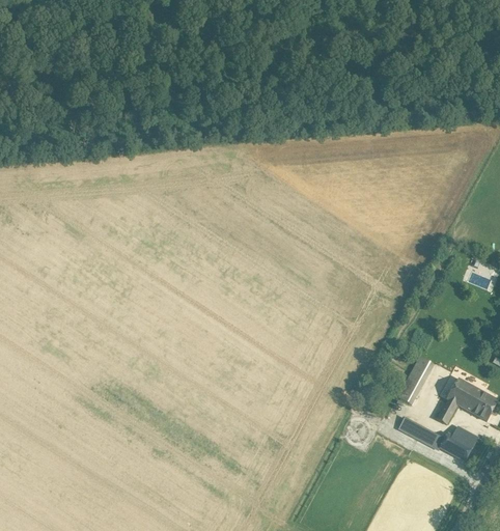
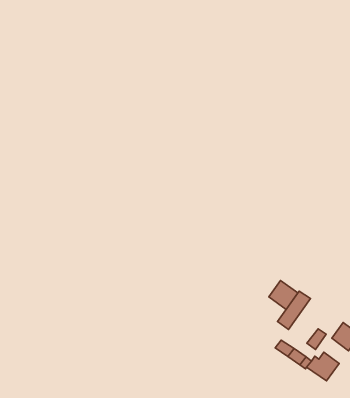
building: none -> [269,280,298,309]
building: [446,376,476,408] -> none

